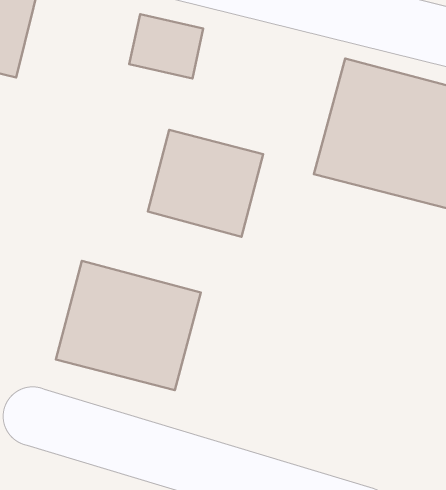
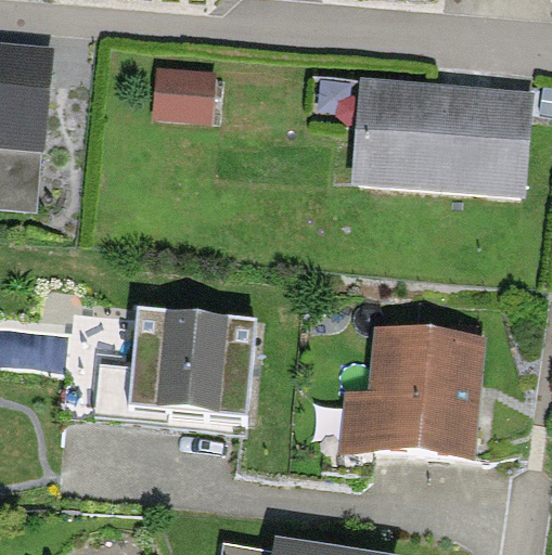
building: [148,130,263,237] -> none
building: none -> [365,322,486,463]

